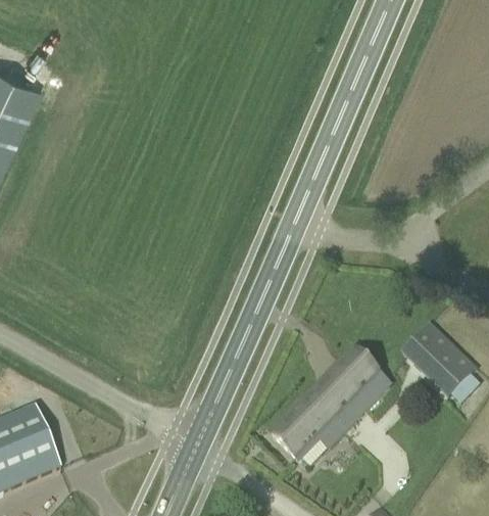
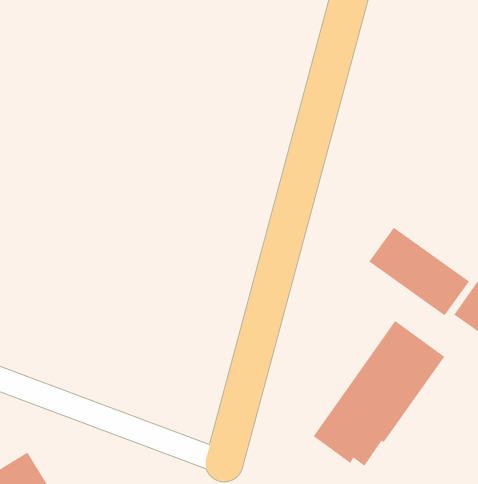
building: none -> [369,227,470,316]

